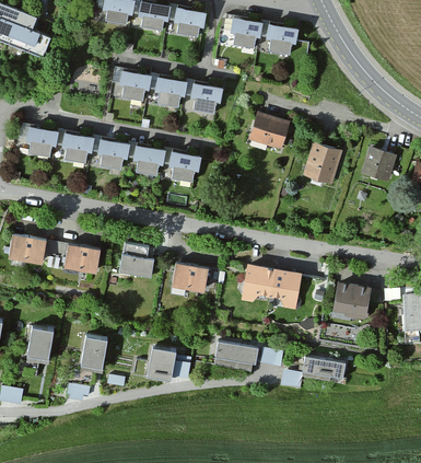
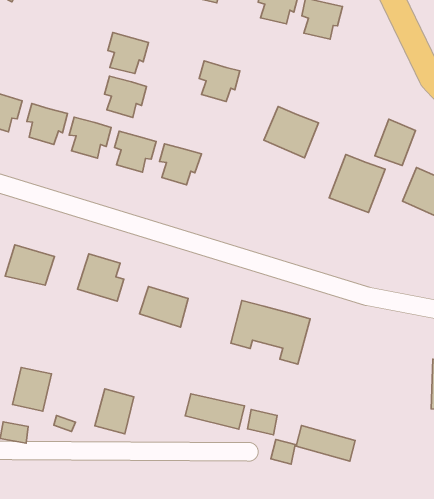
building: [154,78,186,107] -> [105,76,147,117]
building: none -> [375,119,415,166]
building: [331,283,370,320] -> none

